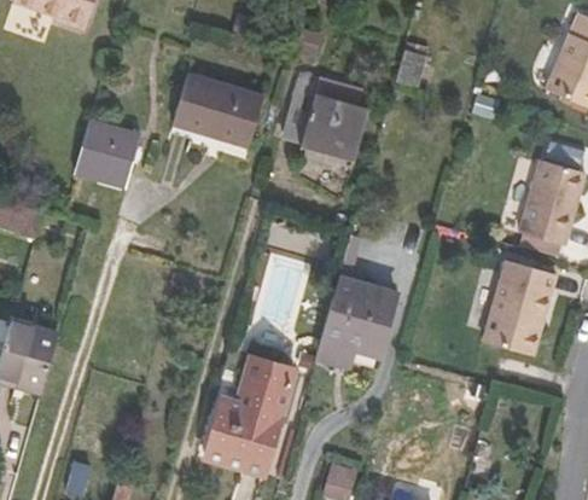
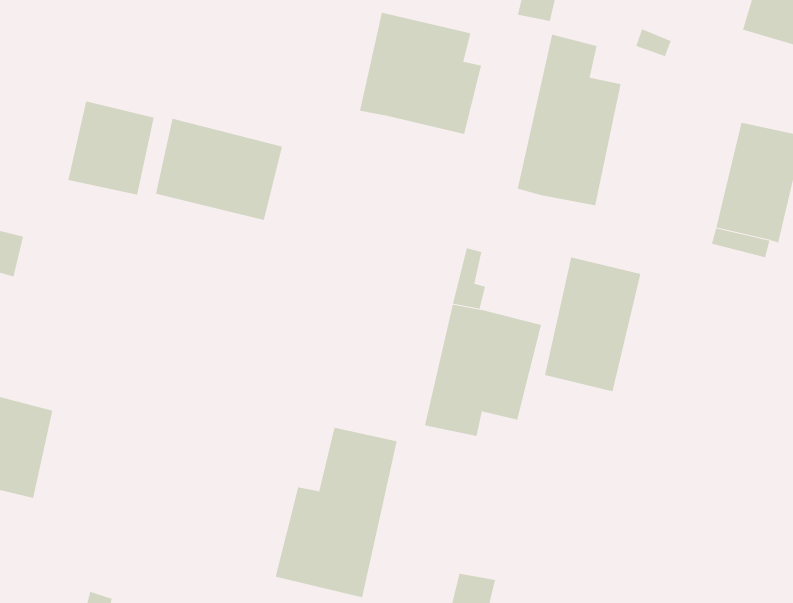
building: [171,70,262,145] -> [155,118,283,221]
building: none -> [517,34,621,206]
building: [488,260,559,355] -> [544,257,641,392]

